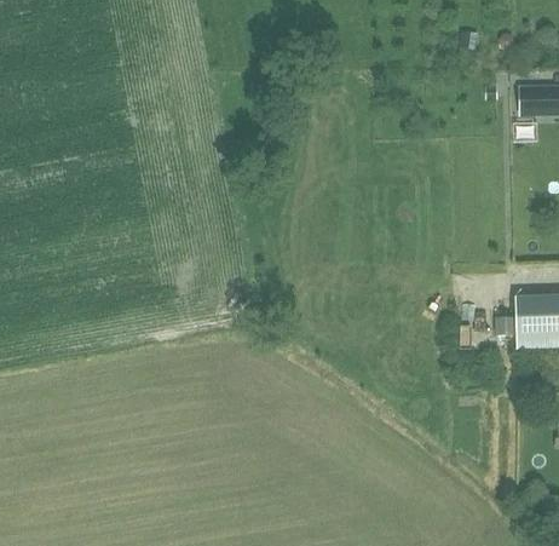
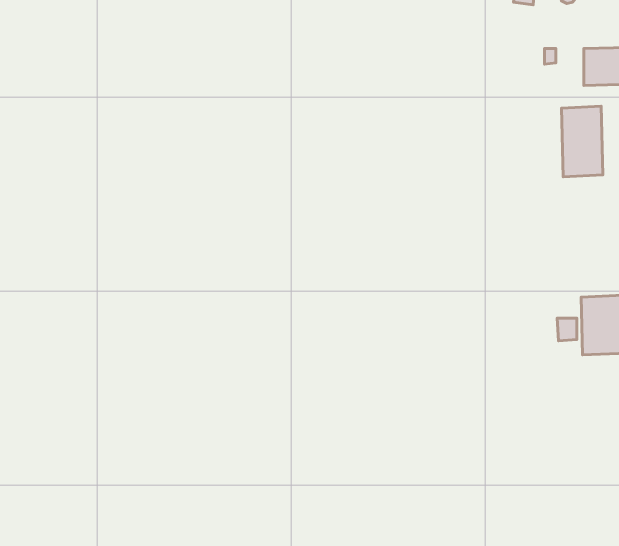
building: none -> [562,106,603,177]

